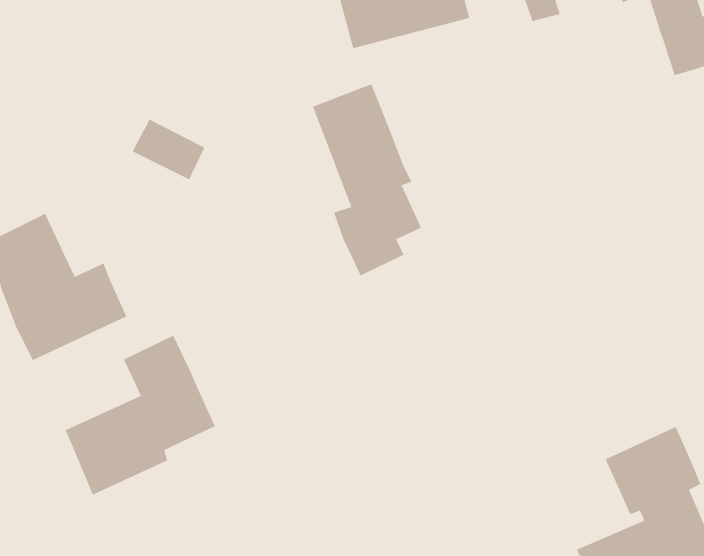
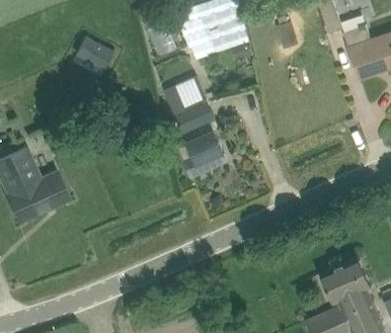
building: [132,119,205,180] -> [75,37,113,70]
building: [65,335,215,495] -> none

